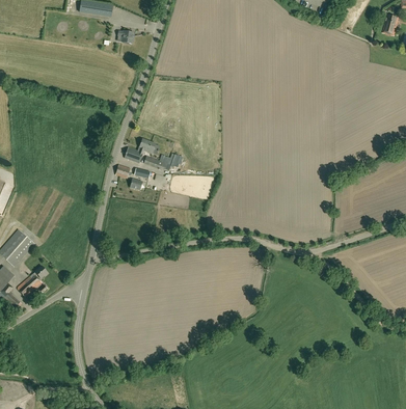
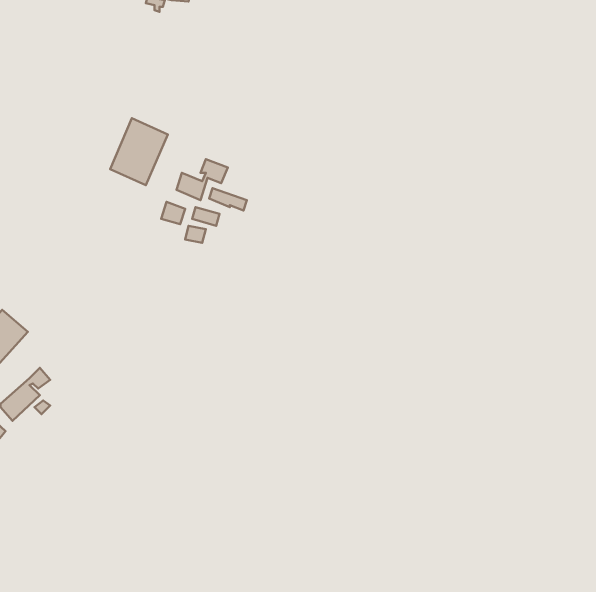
building: none -> [110,118,168,185]

